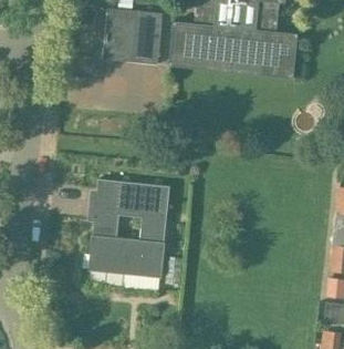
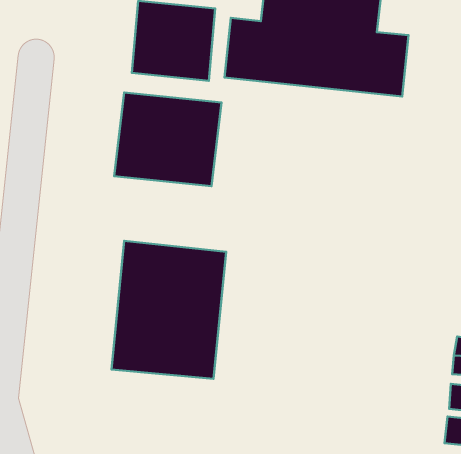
building: none -> [114,92,222,186]

